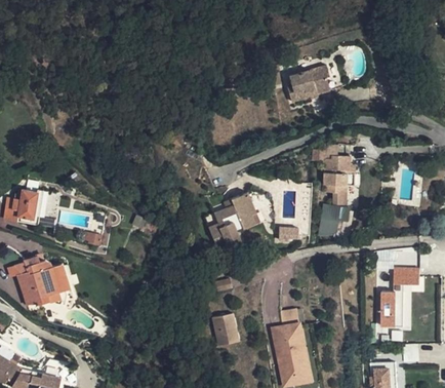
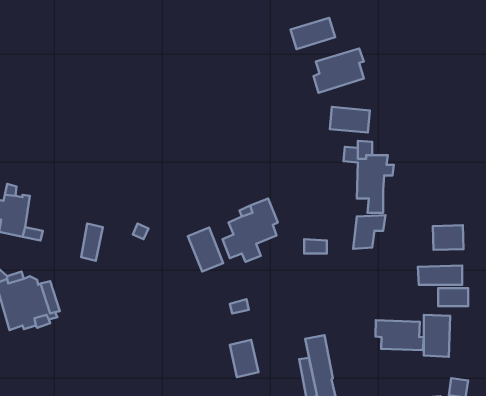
building: none -> [290,18,335,49]
building: none -> [330,107,370,133]
building: none -> [433,225,463,250]
building: none -> [188,228,223,272]
building: none -> [376,320,424,350]

